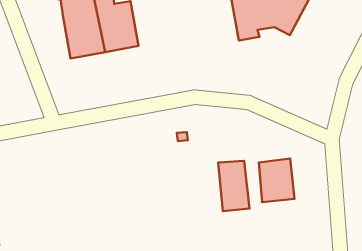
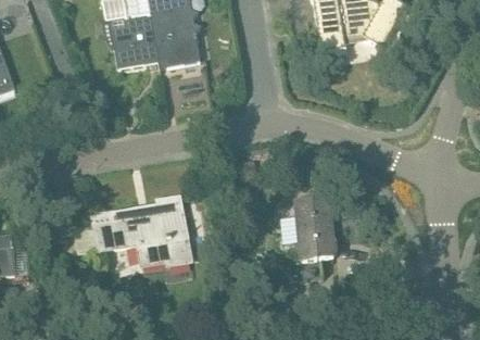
building: [259,159,295,202] -> none
building: none -> [93,193,190,265]

